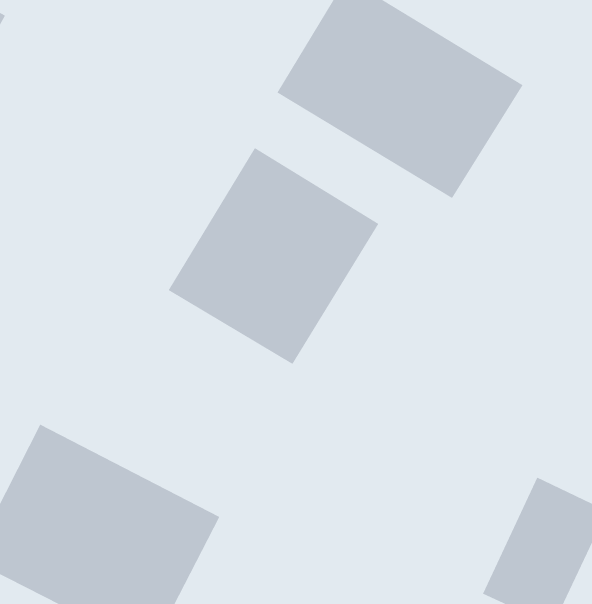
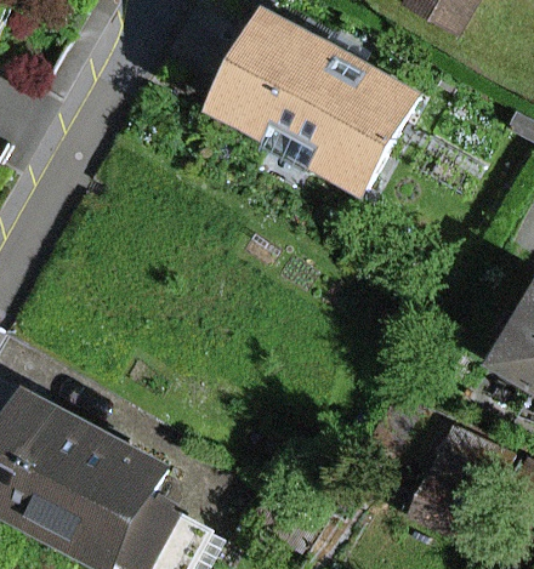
building: [168,147,379,365] -> none

